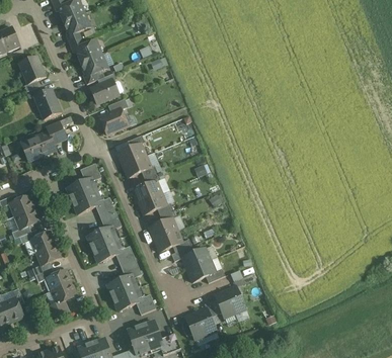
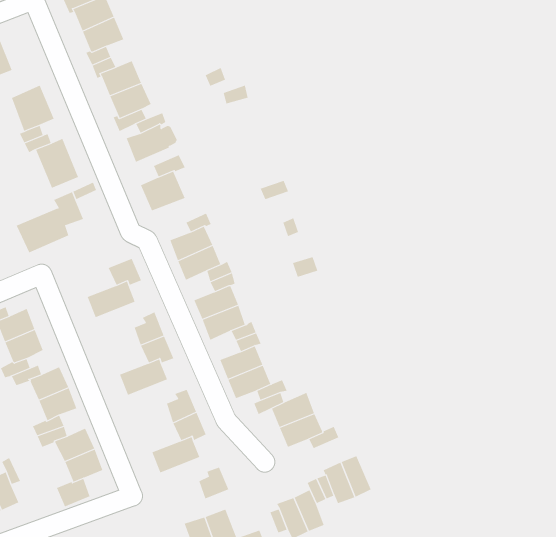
building: [71,191,102,214] -> none
building: [91,240,123,263] -> none
building: [111,288,142,311] -> none

